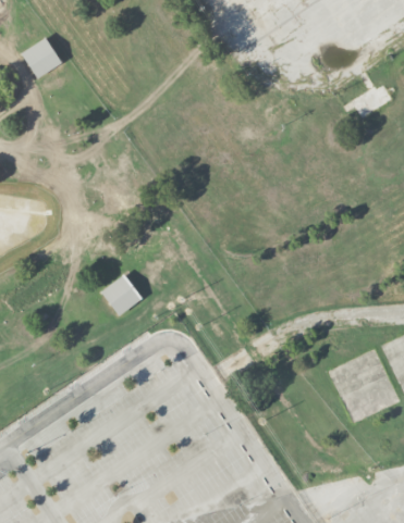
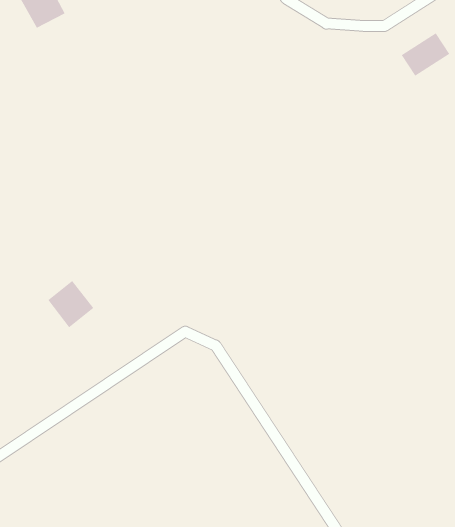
building: [101,274,142,315] -> [47,280,94,328]

